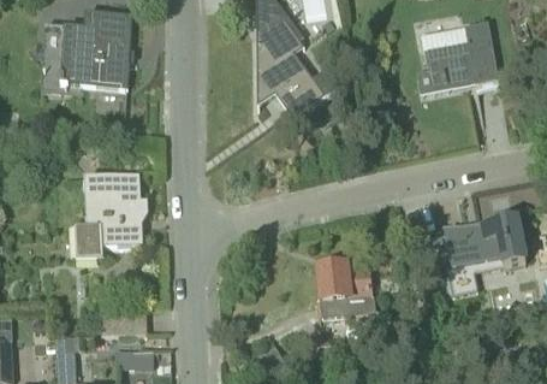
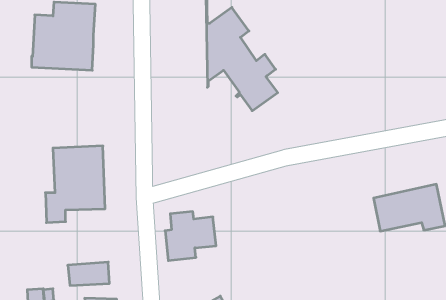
building: [421,18,498,82] -> none
building: [313,262,370,318] -> [165,212,216,261]

